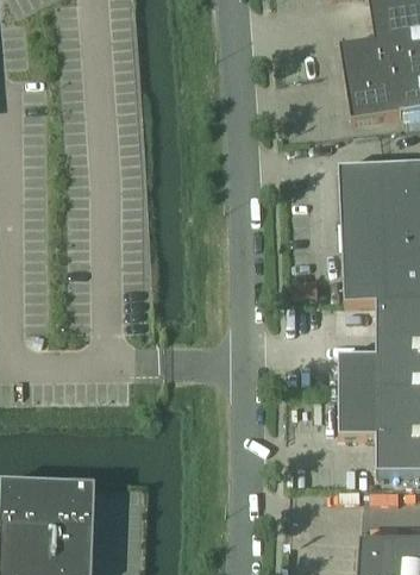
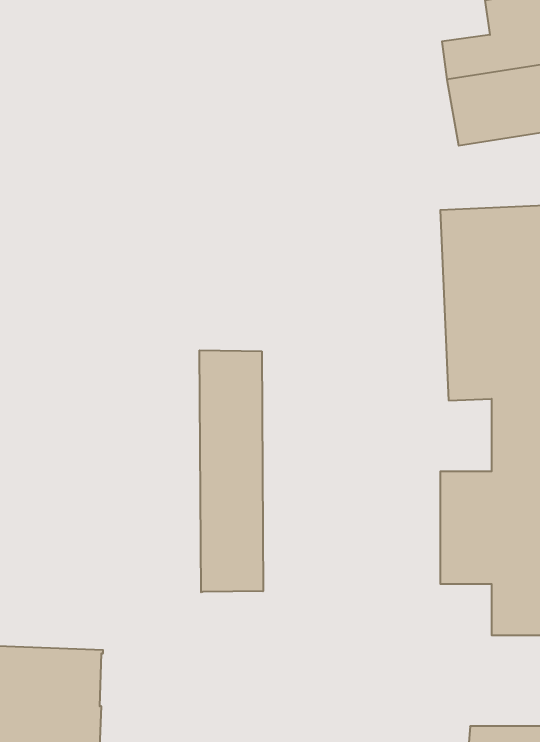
building: none -> [200,350,263,592]

